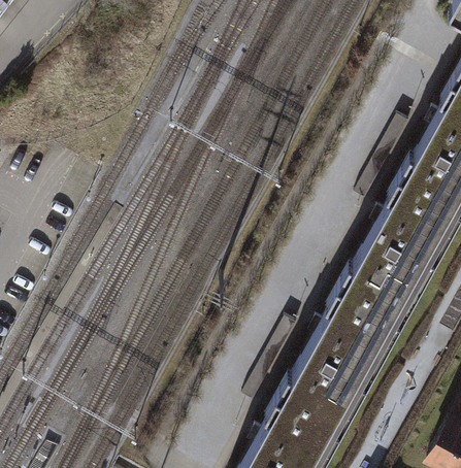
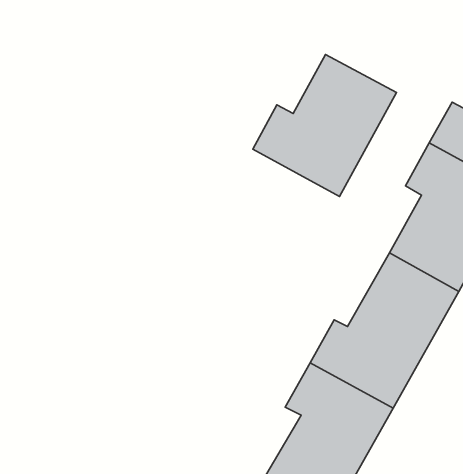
building: none -> [253,54,396,196]

